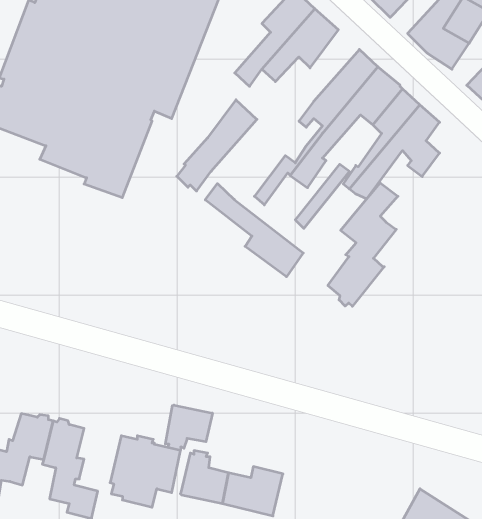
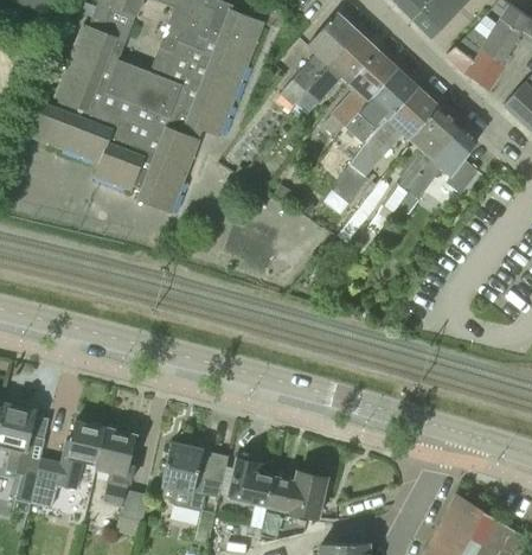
building: [177,100,257,191] -> [323,52,400,140]
building: [328,183,398,306] -> none
building: [205,184,303,277] -> none
building: [165,405,212,451] -> none

